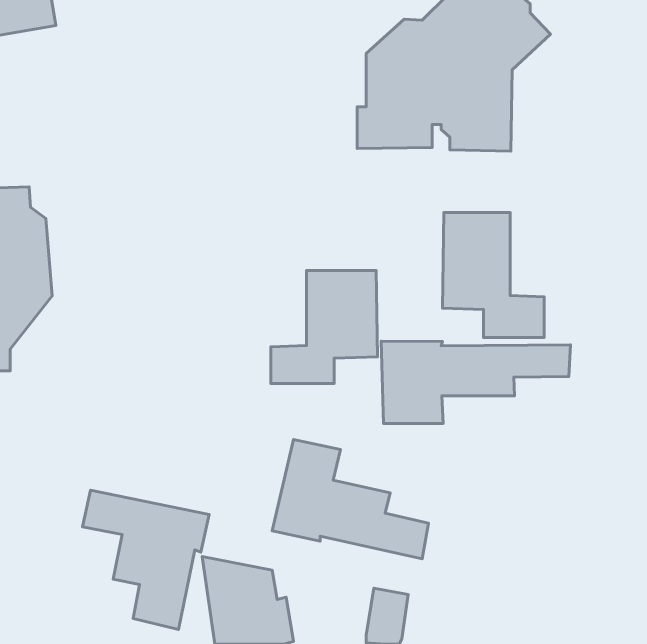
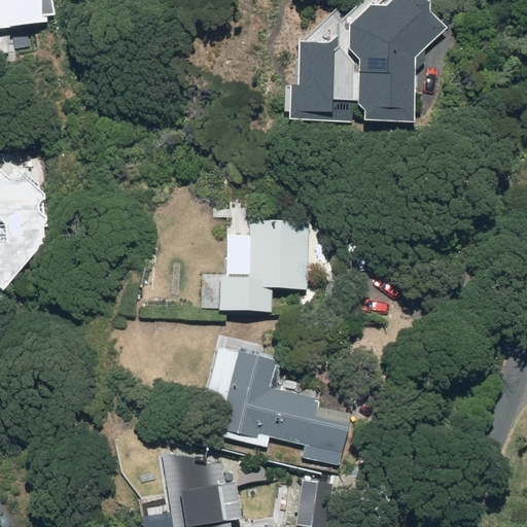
building: [442,212,544,338] -> none
building: [381,341,570,424] -> none
building: [82,490,209,629] -> none

